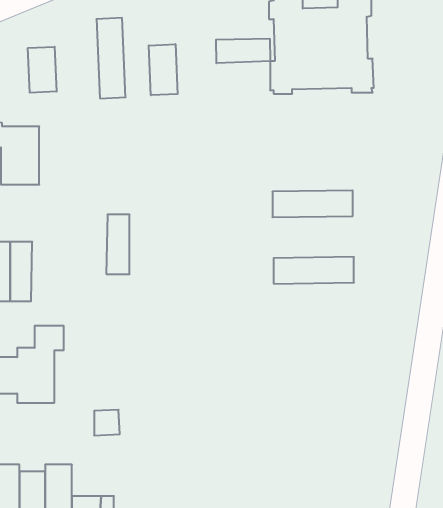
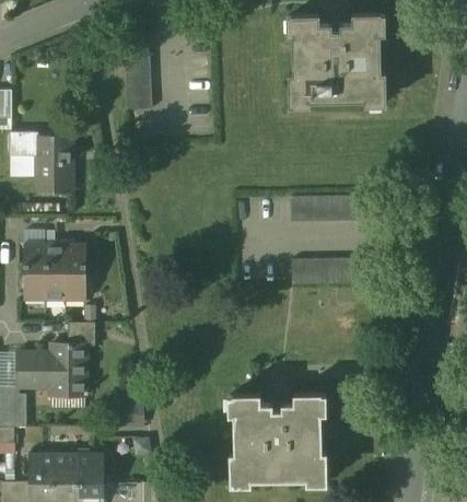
building: [216,39,270,63] -> none
building: [149,44,178,95] -> none
building: [28,47,57,93] -> none
building: [106,215,130,274] -> [65,245,86,301]
building: none -> [229,393,327,486]

